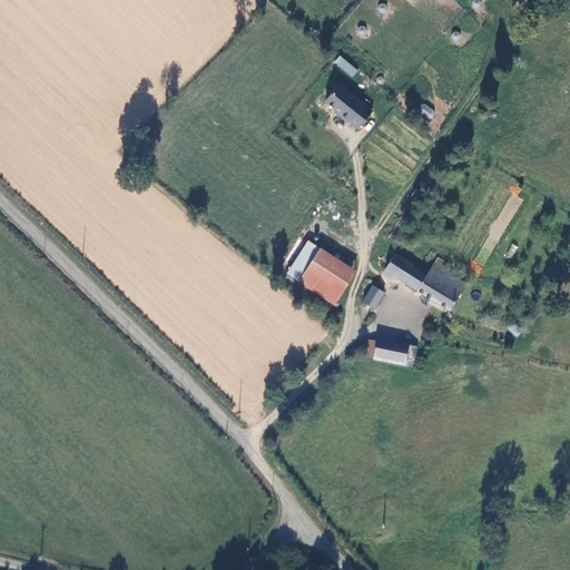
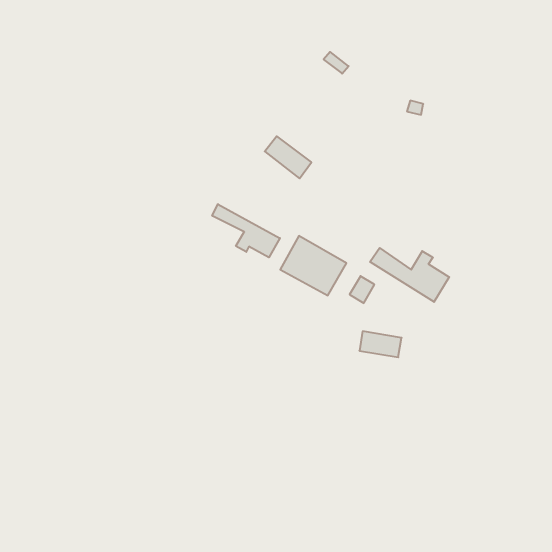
building: [324,82,372,126] -> [265,136,311,178]
building: none -> [212,204,280,257]

